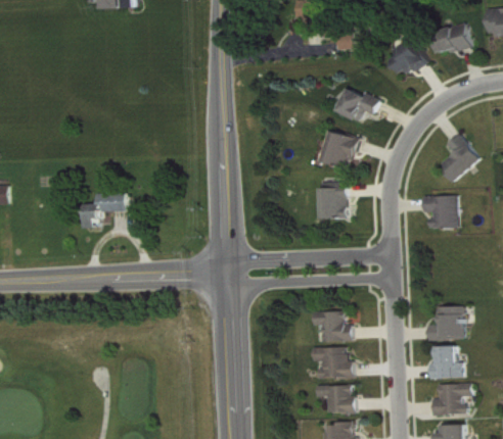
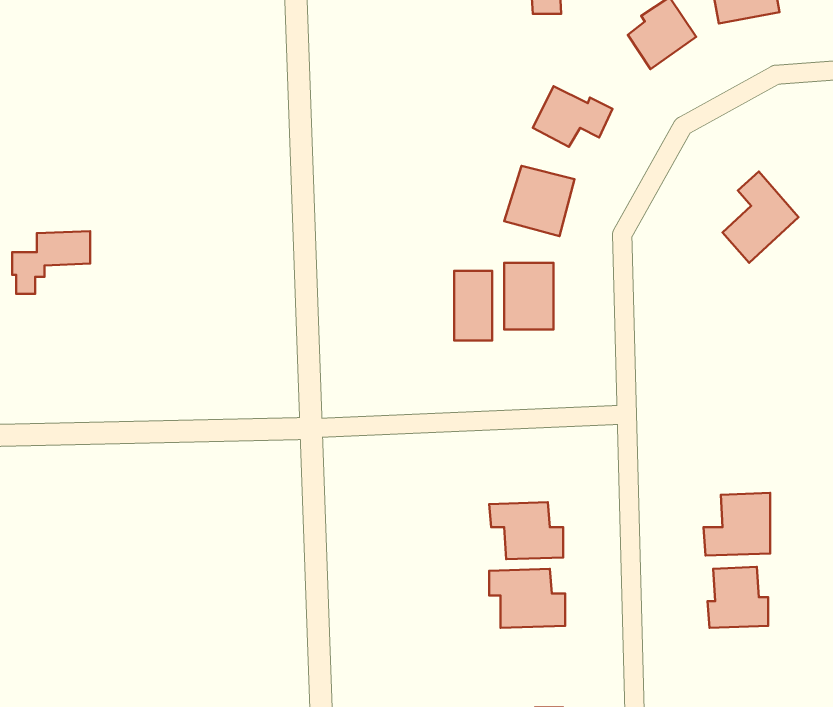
building: none -> [454,271,492,340]
building: [77,190,119,224] -> [12,231,90,294]
building: [424,195,458,229] -> none
building: [431,383,472,416] -> none
building: [316,385,356,413] -> none

